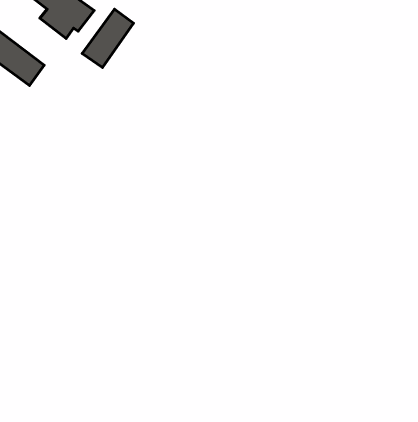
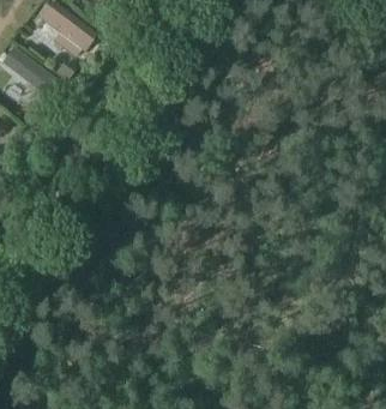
building: [82,9,134,68] -> none

